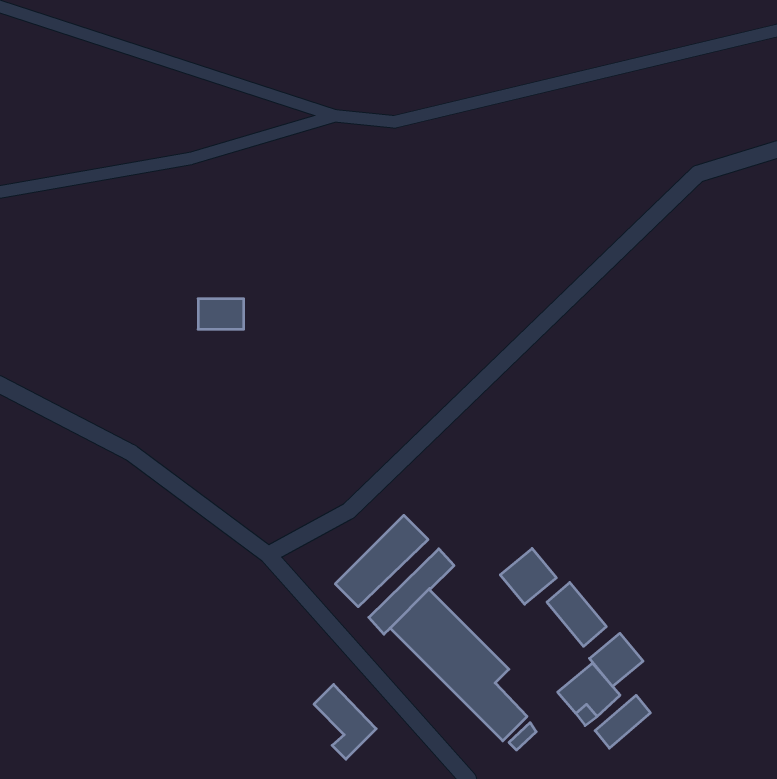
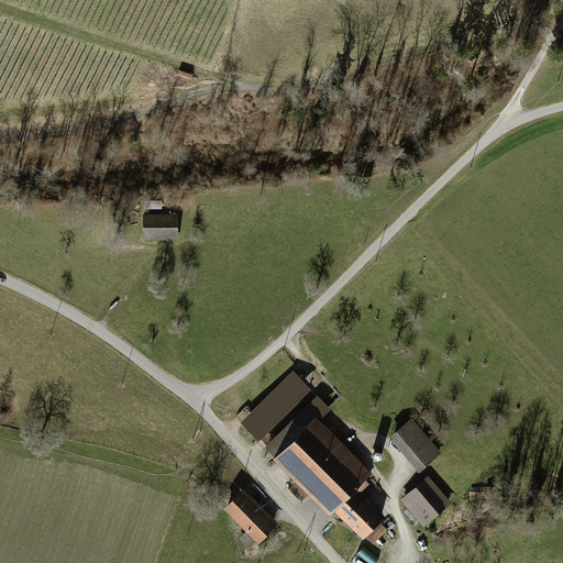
building: [500,548,556,604] -> none
building: [589,633,643,686] -> none
building: [595,695,650,748] -> none

